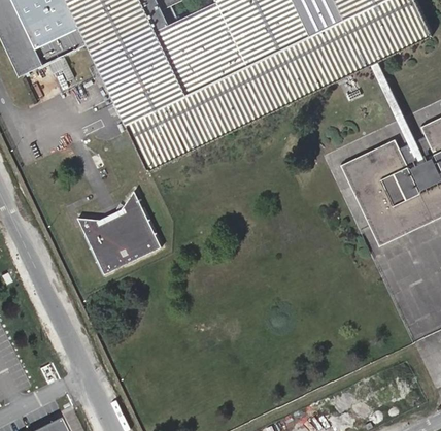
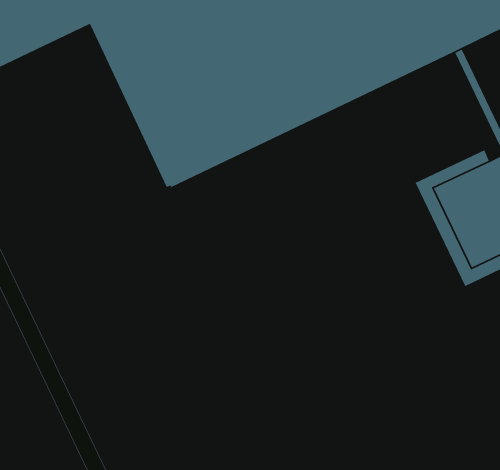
building: [77,189,160,273] -> none

